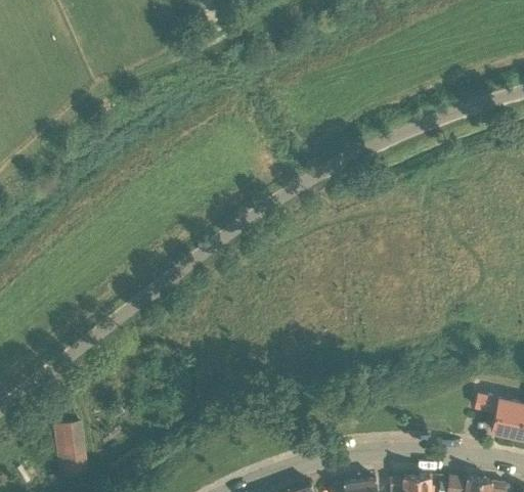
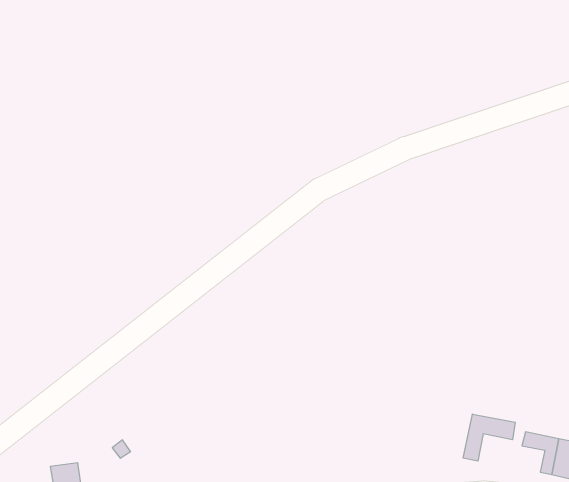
building: none -> [463,414,515,461]

